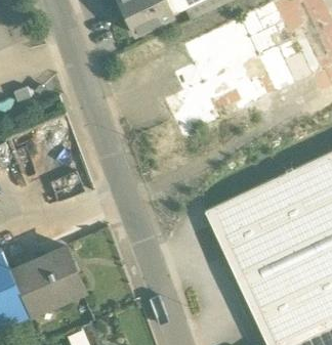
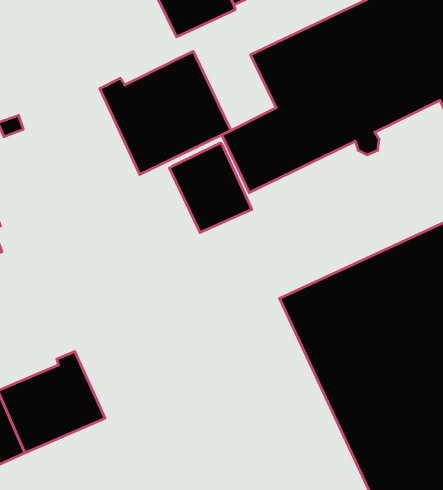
building: none -> [100,51,231,175]
building: none -> [169,143,252,233]

